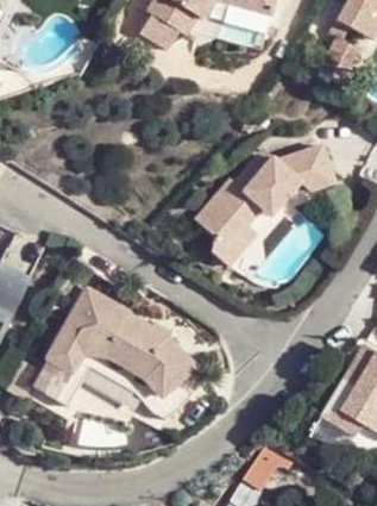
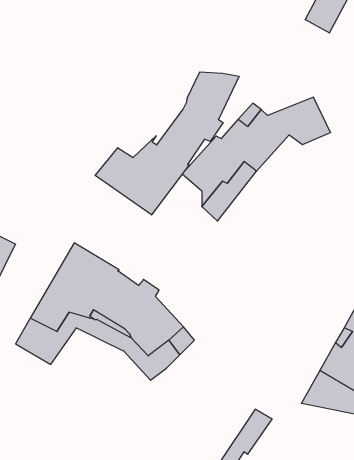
building: none -> [95,72,239,215]

